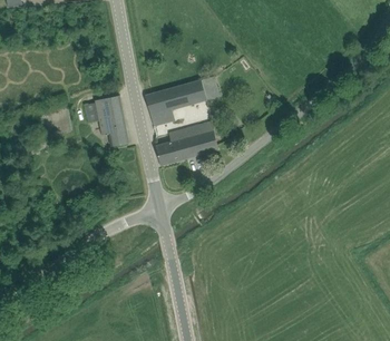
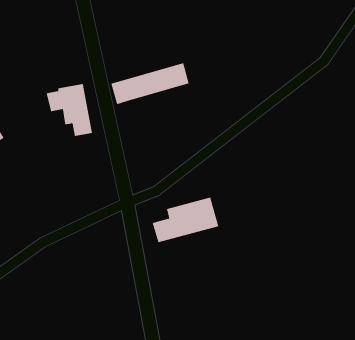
building: [155,121,218,165] -> [152,197,219,243]

